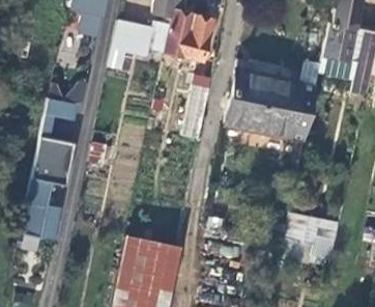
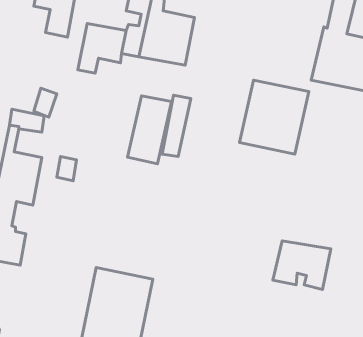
building: [227,67,266,129] -> [128,96,171,164]

